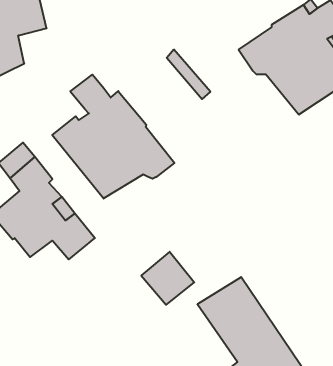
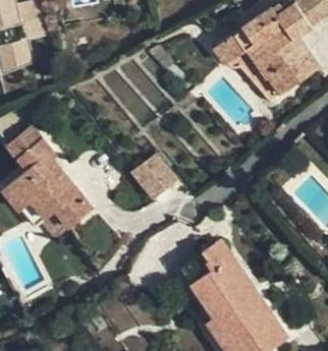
building: [52,75,174,199] -> none
building: [141,252,194,305] -> [133,156,179,201]

